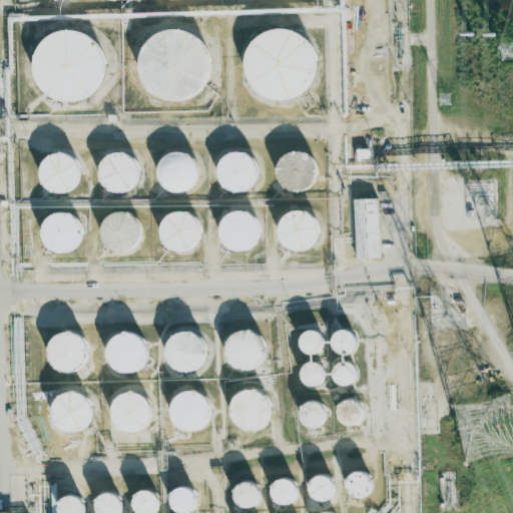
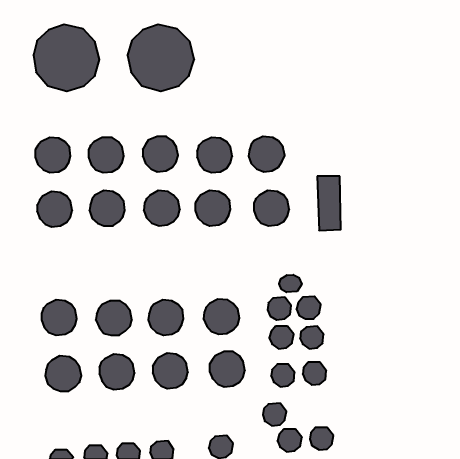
building: [241,25,316,99] -> none
building: none -> [279,275,302,292]
building: [271,480,297,505] -> [263,403,286,426]

